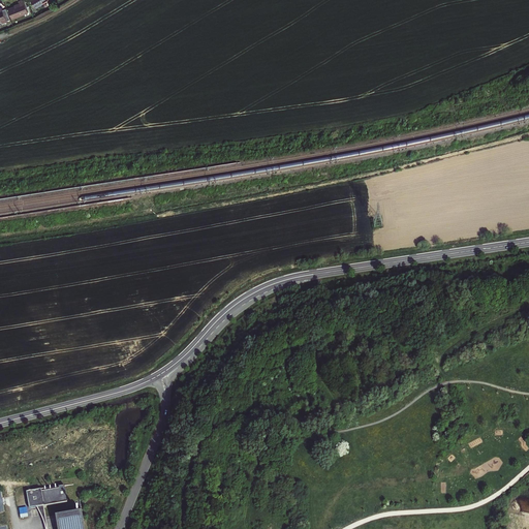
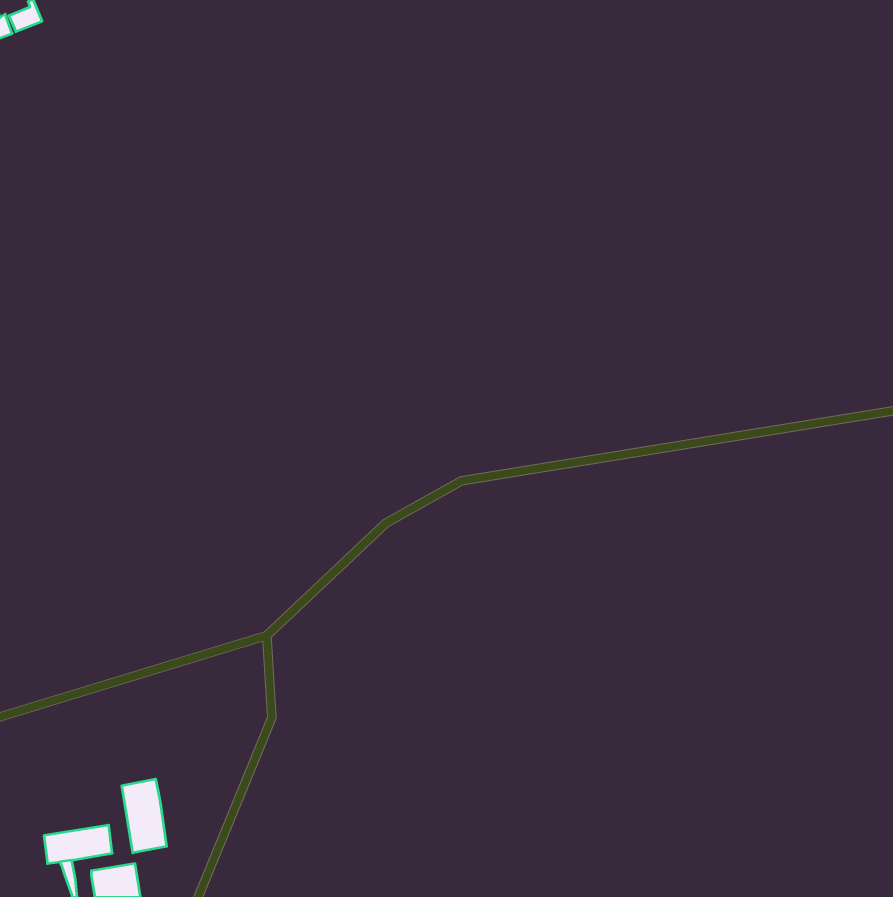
building: none -> [122,779,167,853]

